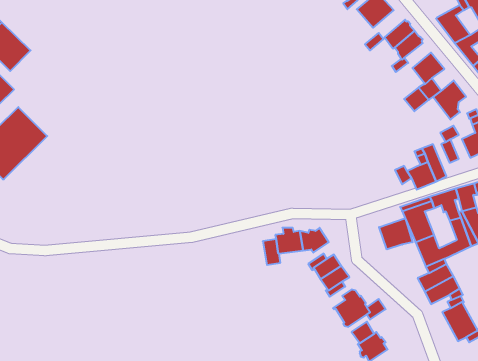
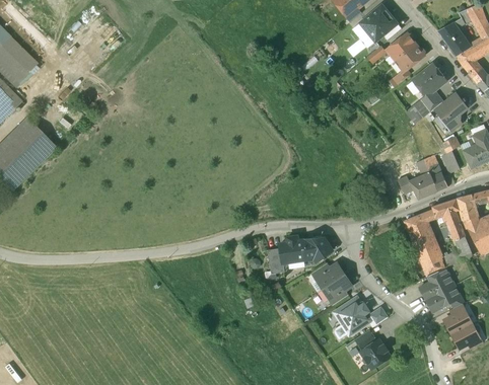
building: [379,218,413,249] -> none

